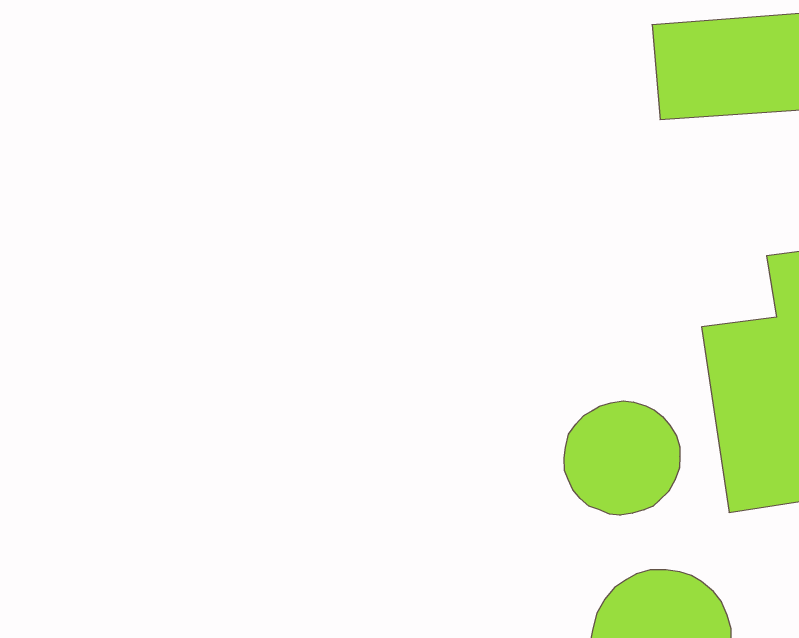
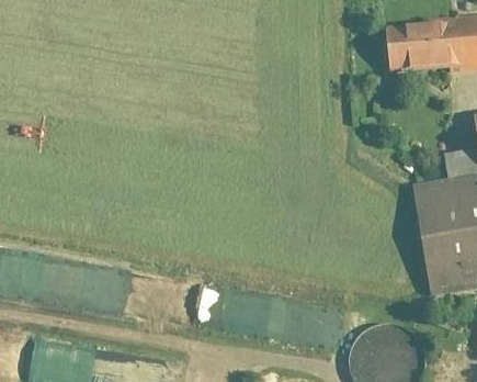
building: [564,401,680,515] -> none

